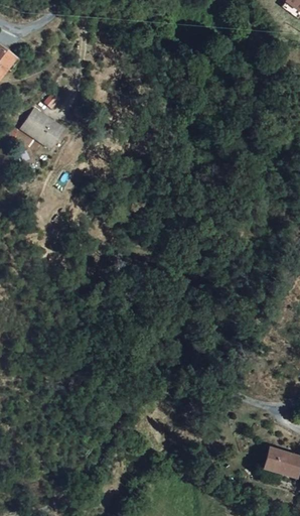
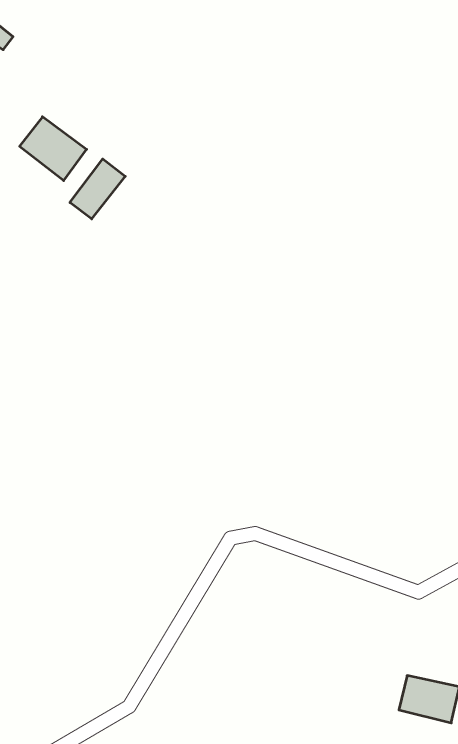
building: none -> [70,159,125,219]

